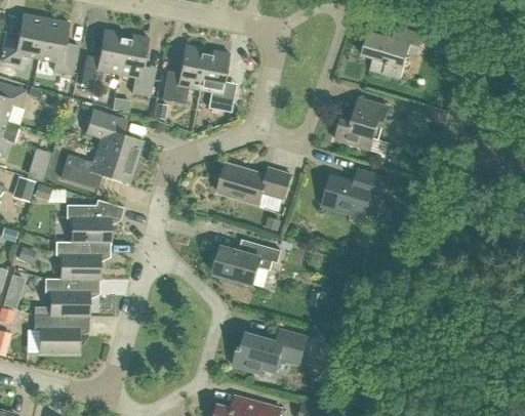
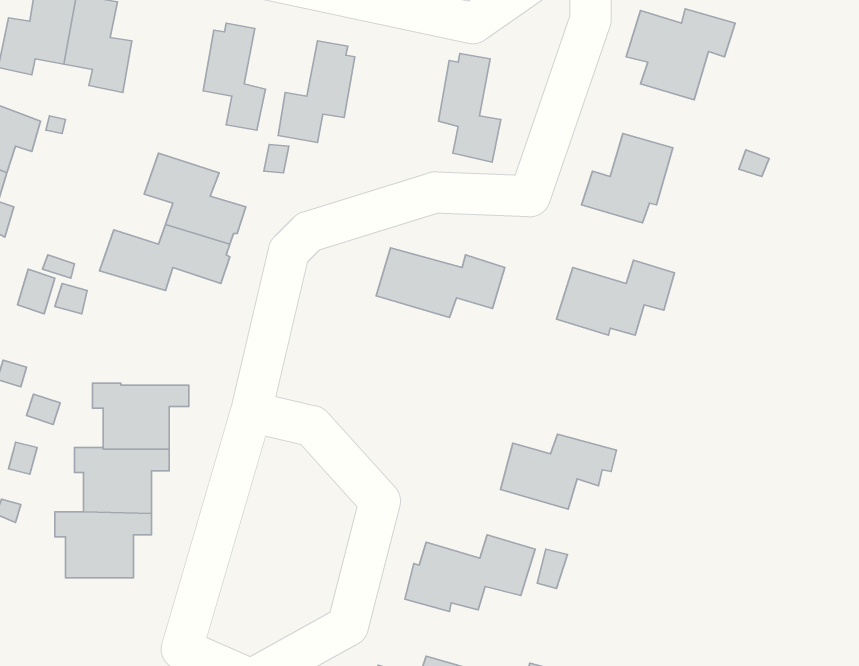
building: [80,29,124,86] -> none
building: [199,49,235,112] -> [438,53,501,162]
building: [66,199,123,242] -> none
building: [214,240,281,283] -> [500,434,616,509]

